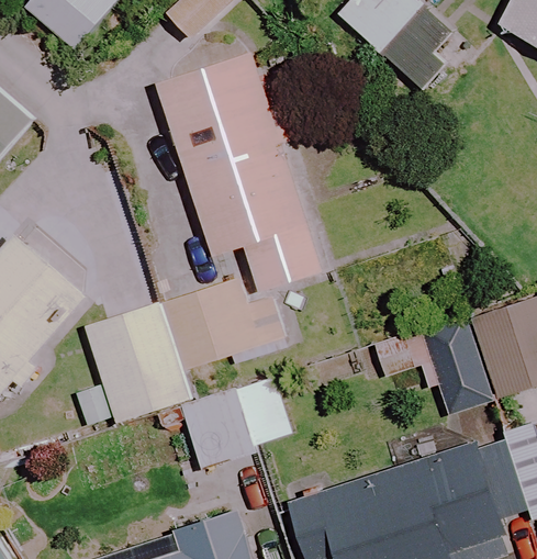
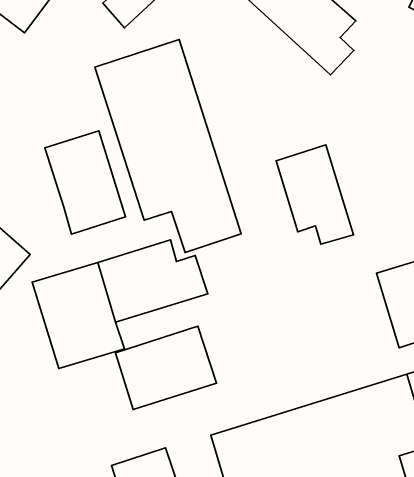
building: none -> [45,131,125,234]
building: none -> [276,145,353,244]
building: [372,316,497,415] -> none

